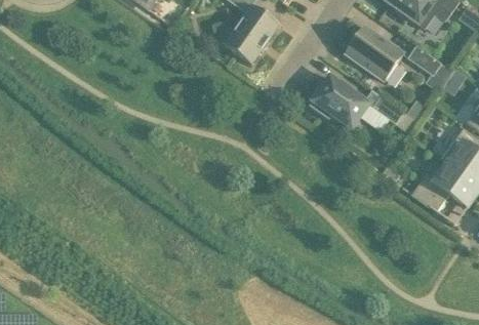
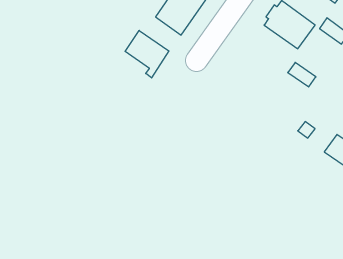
building: none -> [125,30,169,78]
building: [307,75,367,128] -> none

